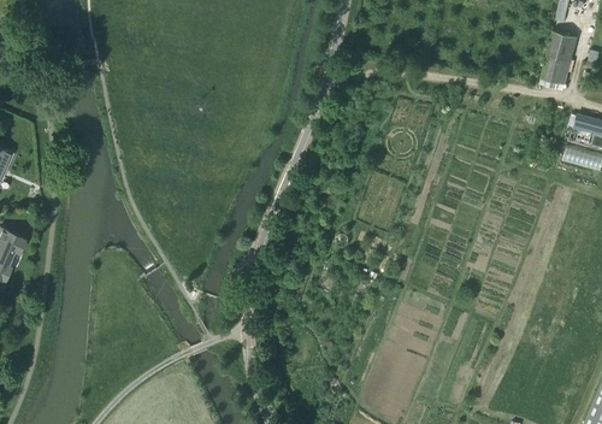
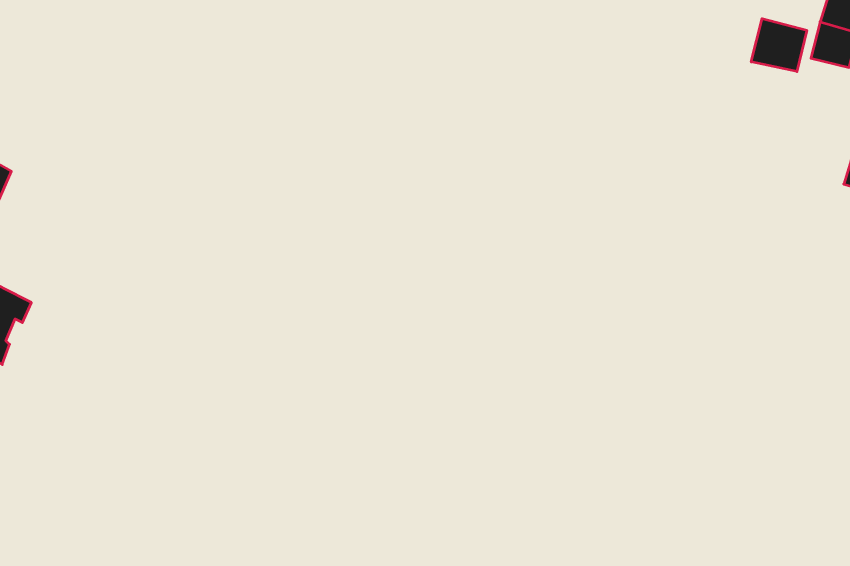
building: none -> [751,19,807,72]

